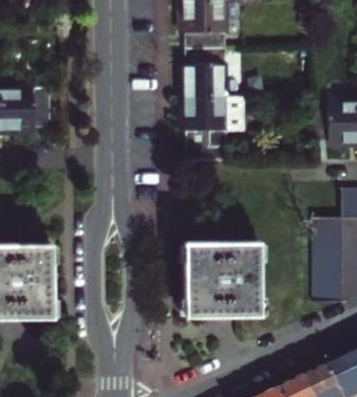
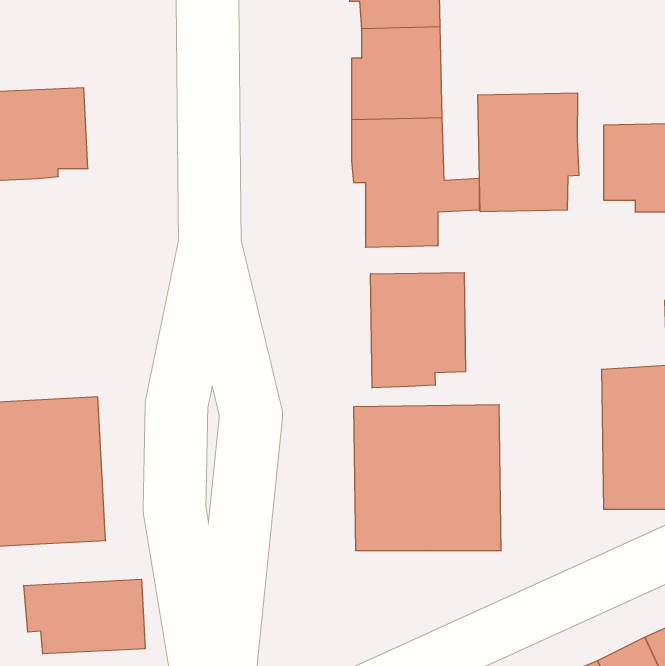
building: none -> [478,93,579,212]
building: none -> [371,273,465,388]
building: none -> [24,579,145,654]

